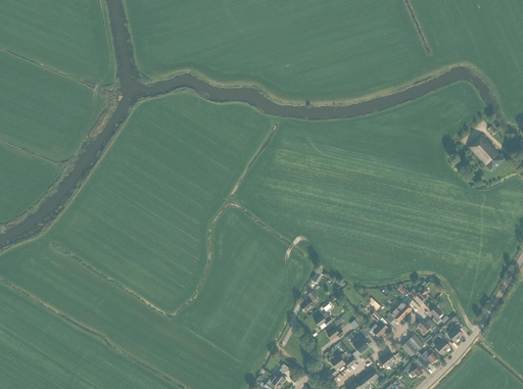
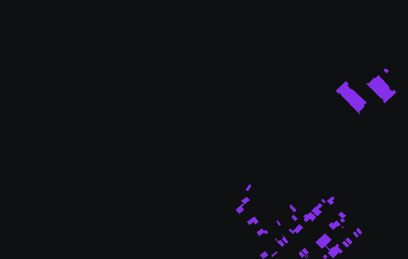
building: none -> [335,80,368,116]

